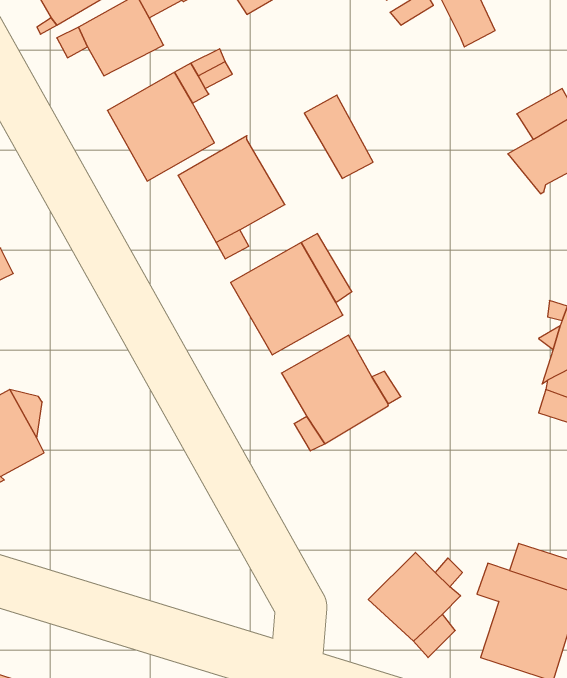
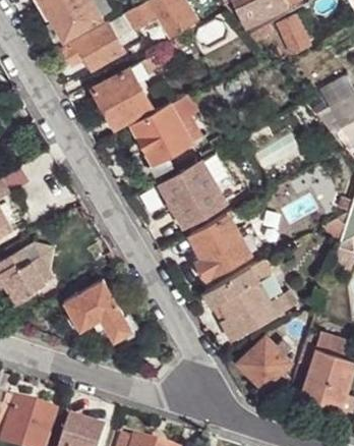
building: [304,95,373,178] -> [169,95,208,142]
building: none -> [203,260,288,340]
building: none -> [60,278,130,340]

